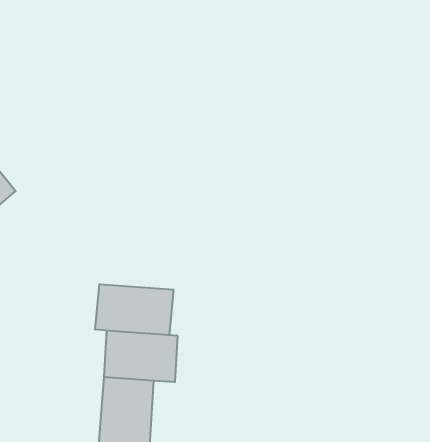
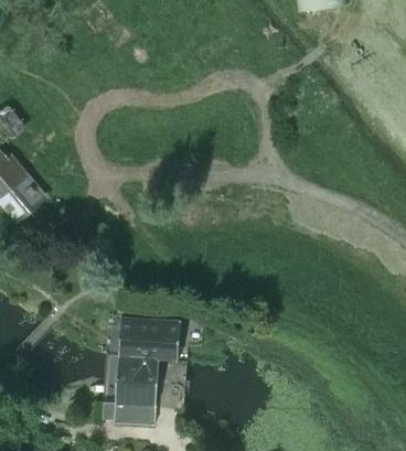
building: [95,284,173,335] -> none

